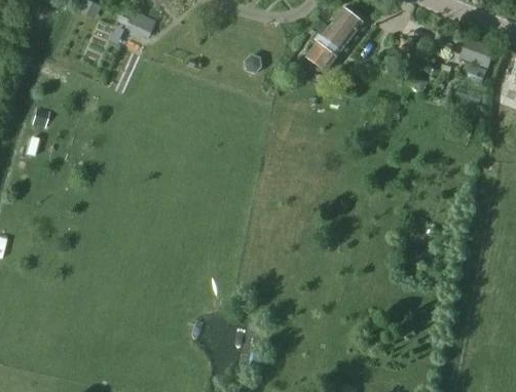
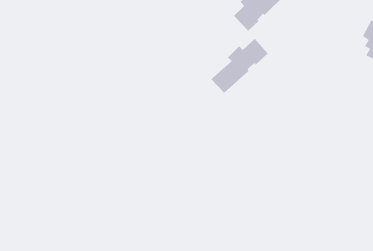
building: none -> [211,38,268,94]

